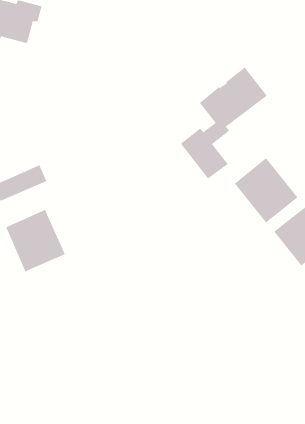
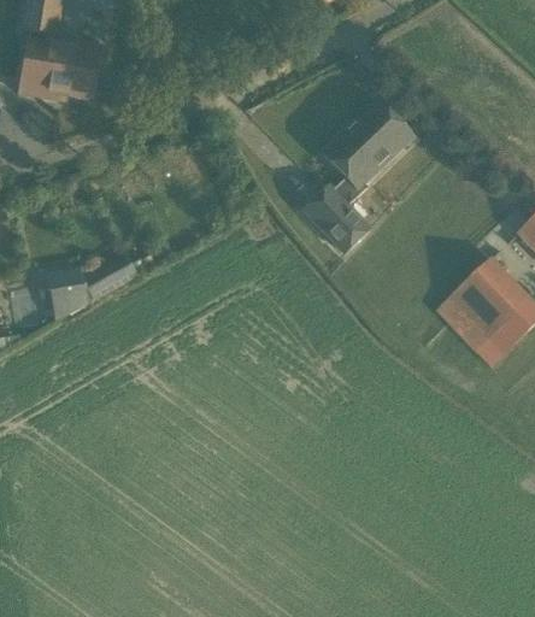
building: [234,157,299,224] -> none
building: [5,209,66,272] -> none

